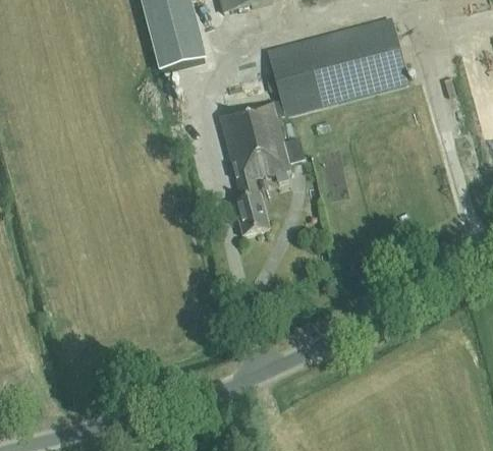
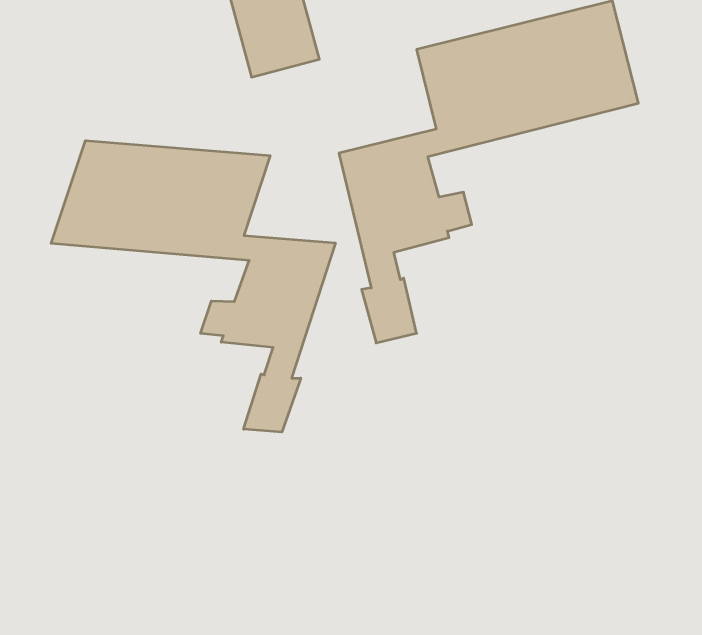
building: none -> [51,141,335,432]

